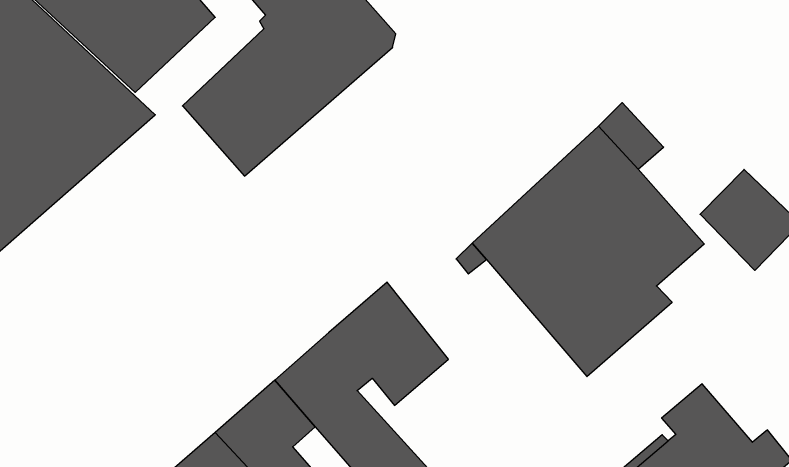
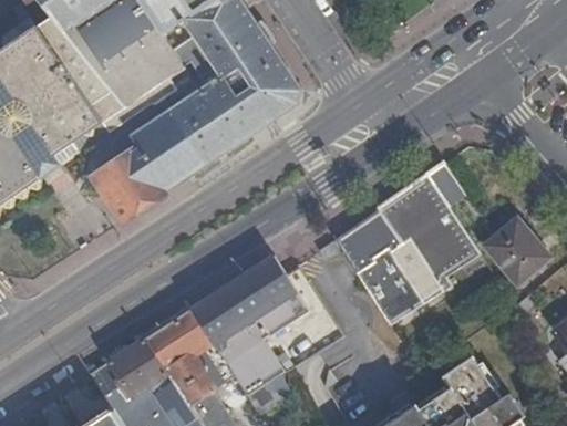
building: none -> [85,136,181,221]

